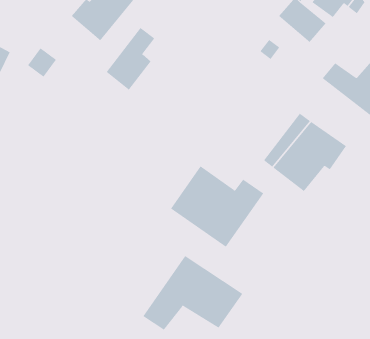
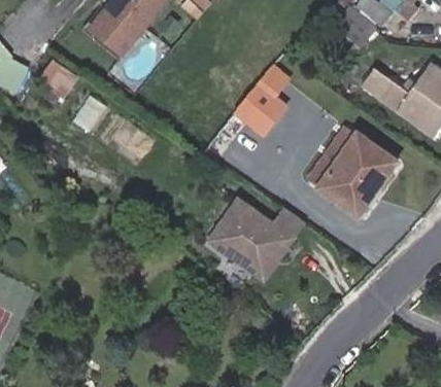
building: [106,27,155,90] -> [237,61,292,131]
building: [143,255,243,331] -> none

